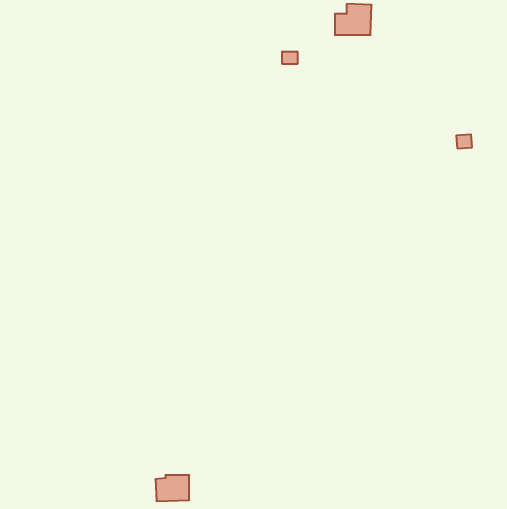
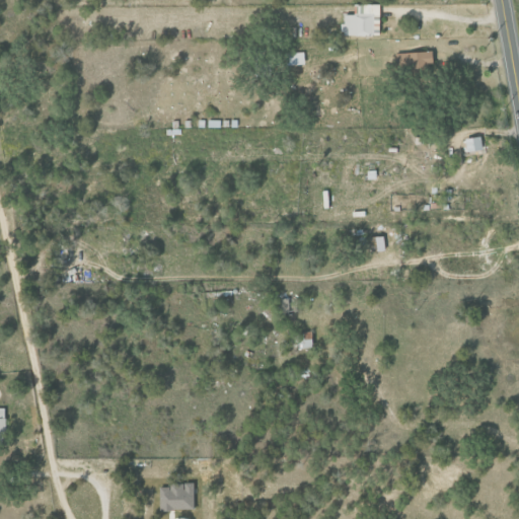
building: none -> [401,52,433,74]

